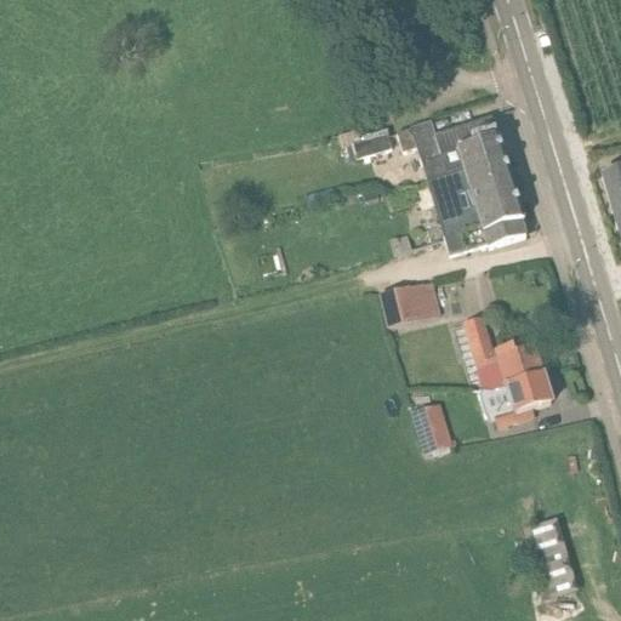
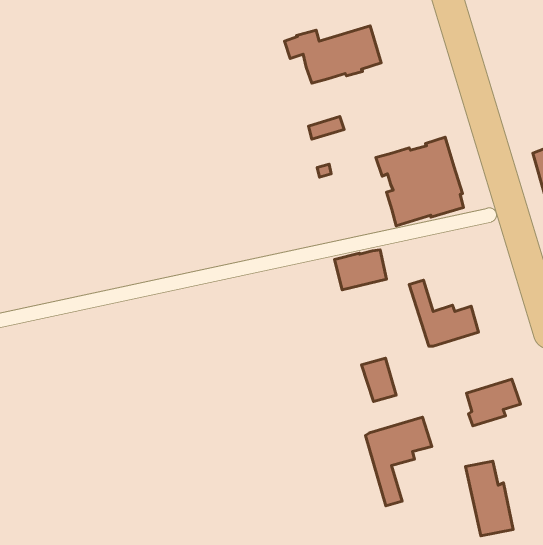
building: [398,114,506,178] -> [285,26,381,83]
building: [492,374,553,426] -> [466,379,521,426]
building: none -> [365,417,432,506]

